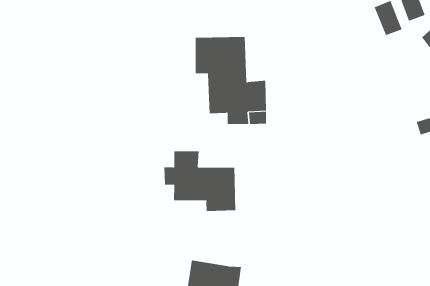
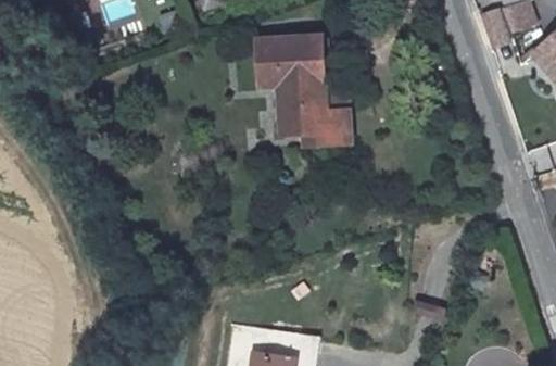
building: [164,151,236,212] -> none

